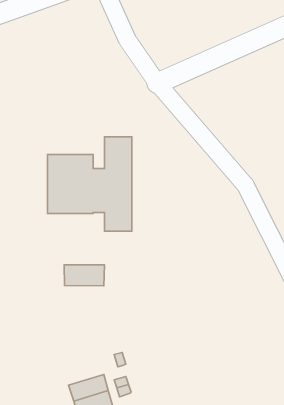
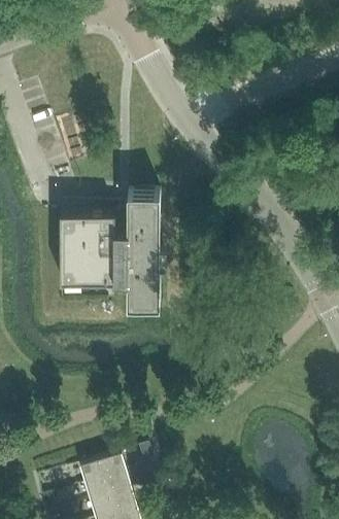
building: [64,265,105,286] -> none
building: none -> [80,453,127,483]

